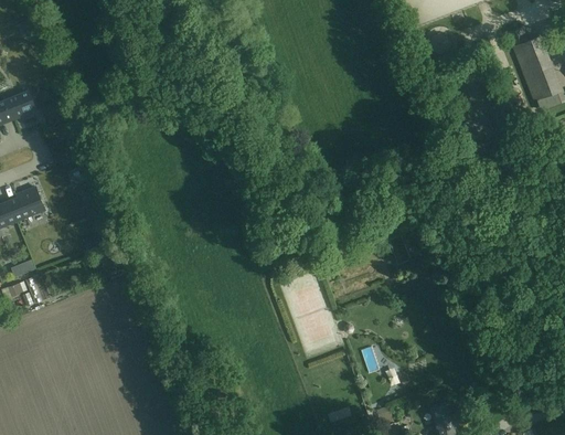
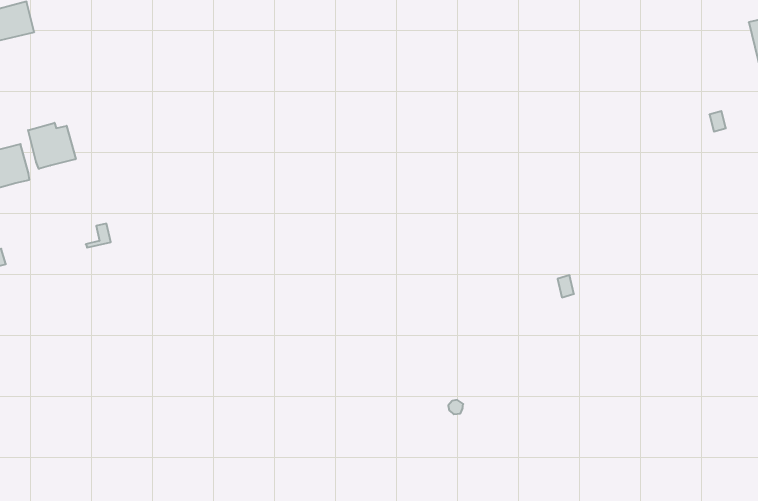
building: none -> [28,123,76,169]

